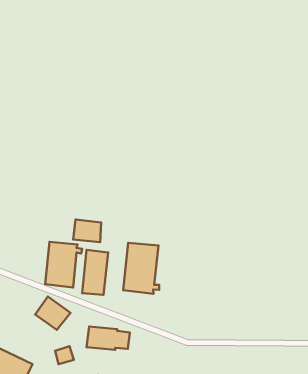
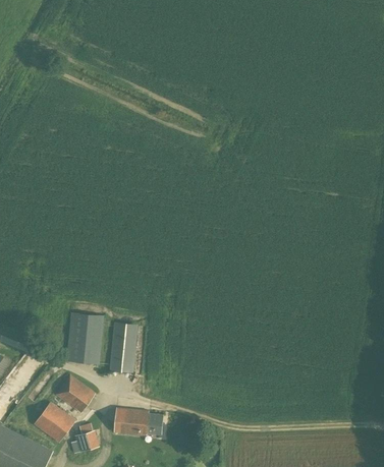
building: [73,220,101,242] -> none
building: [123,243,159,294] -> none
building: none -> [34,401,75,442]

